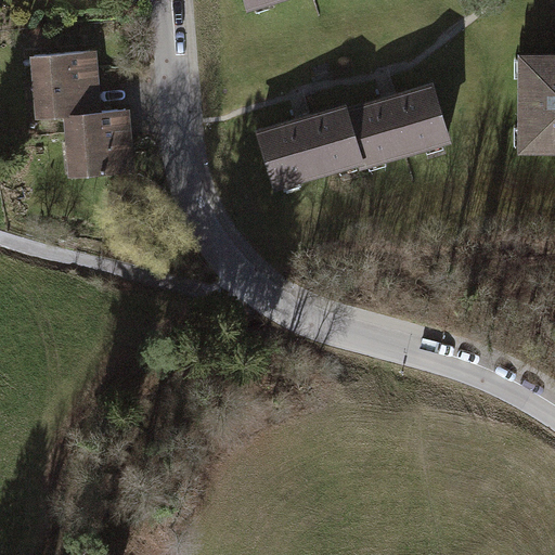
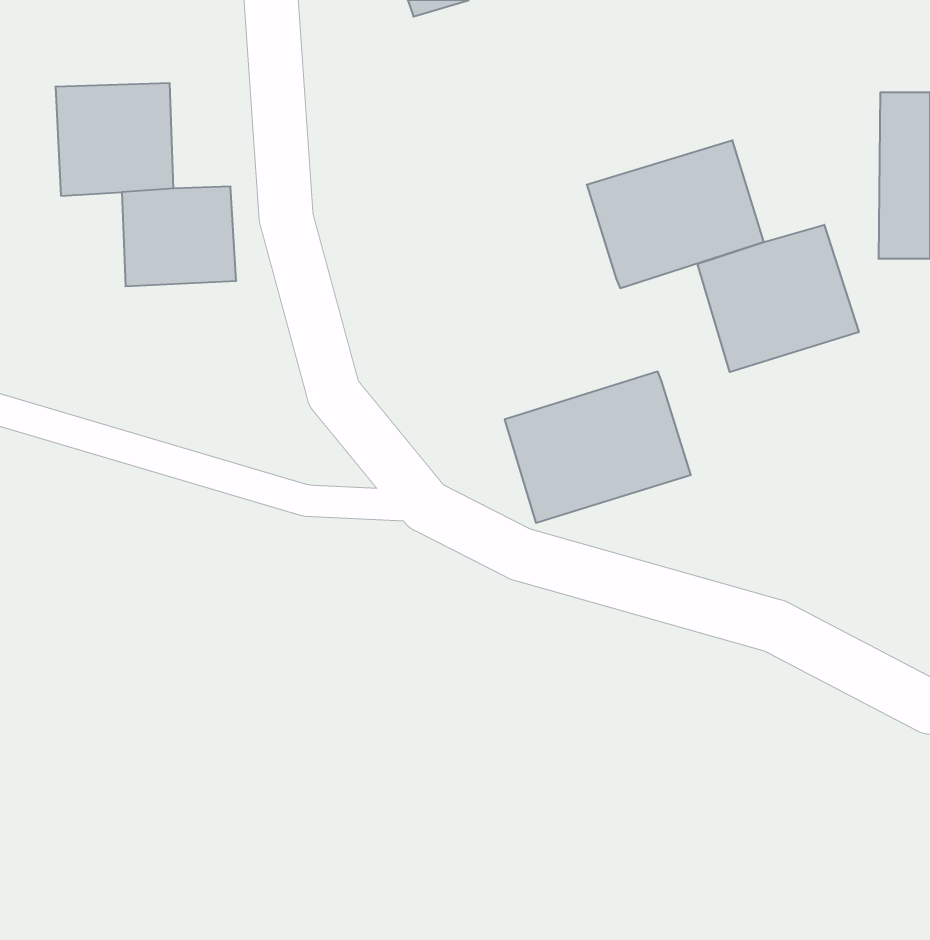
building: [253,105,362,194] -> [505,372,691,523]
building: none -> [697,225,859,372]

